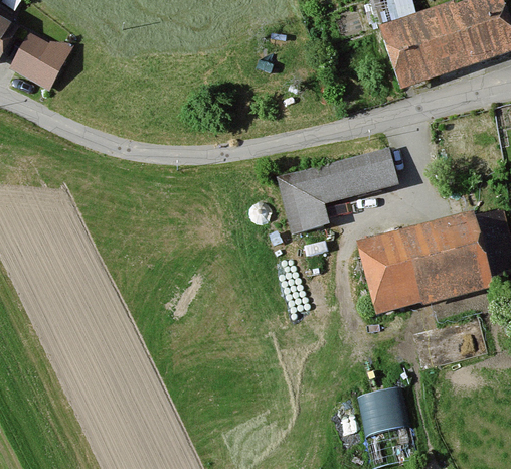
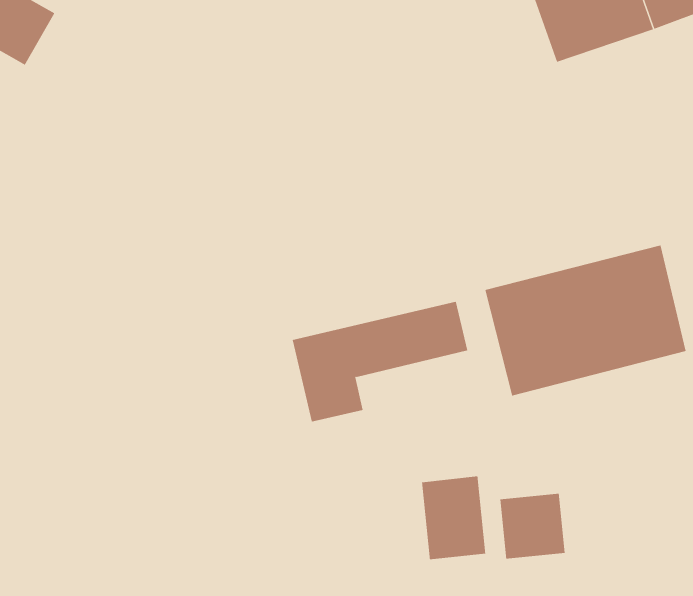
building: [276,148,394,229] -> [292,301,468,422]
building: none -> [422,476,486,560]

